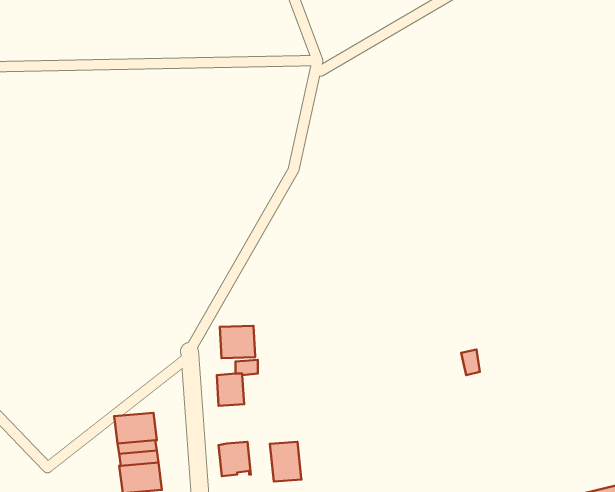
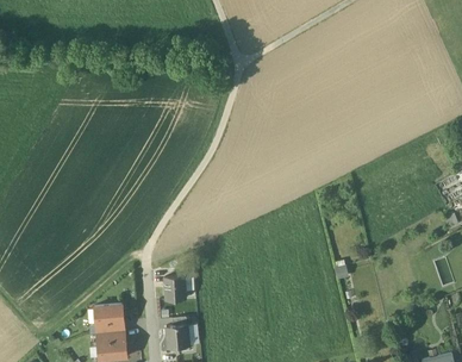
building: [220,326,255,358] -> none
building: [270,442,301,482] -> none

